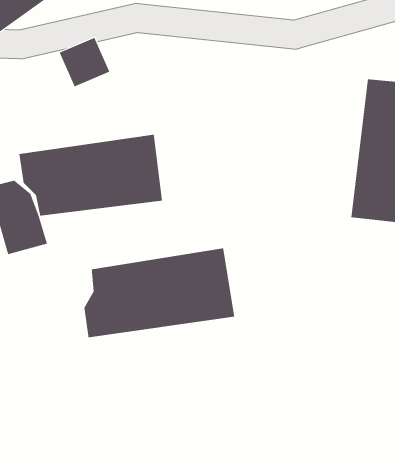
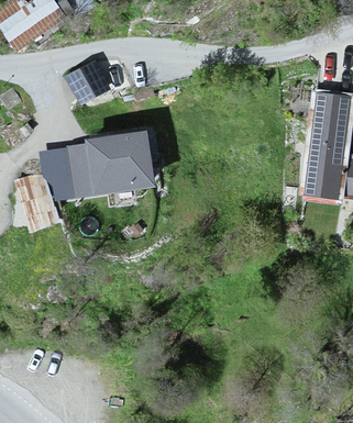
building: [84,248,235,338] -> none

